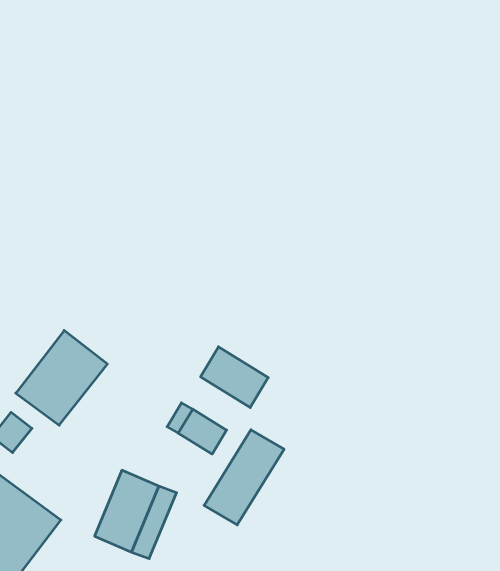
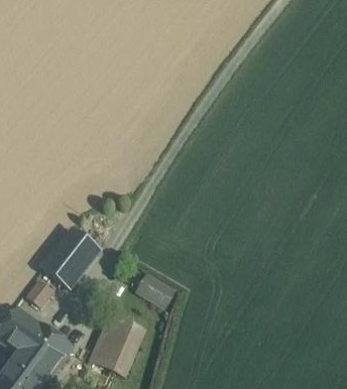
building: [201,347,268,408] -> none
building: [204,430,284,525] -> none

